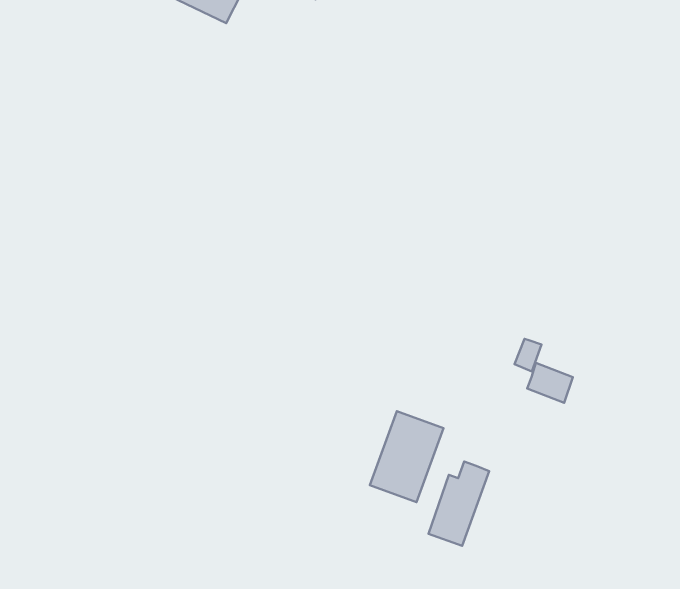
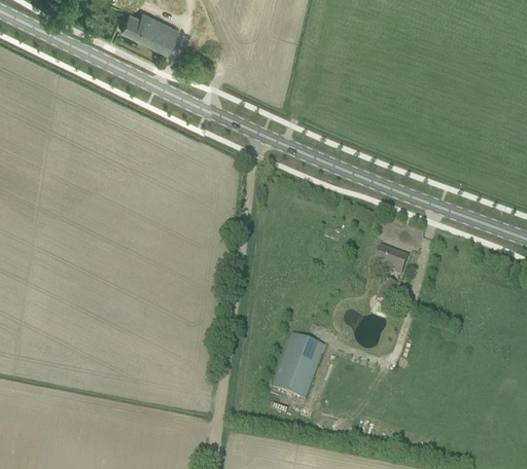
building: [527,363,573,403] -> [374,243,407,272]
building: [429,462,489,546] -> none

